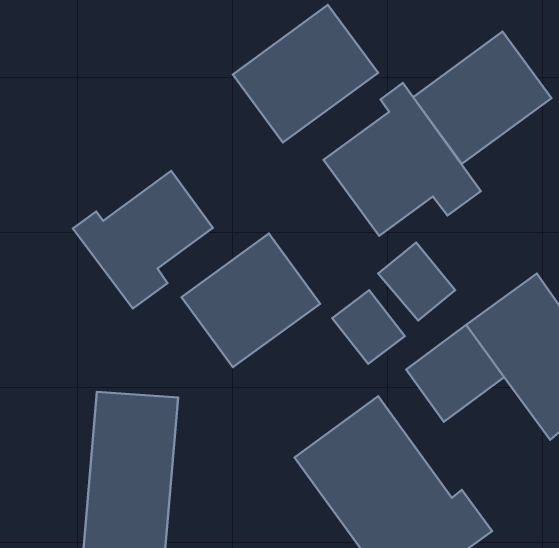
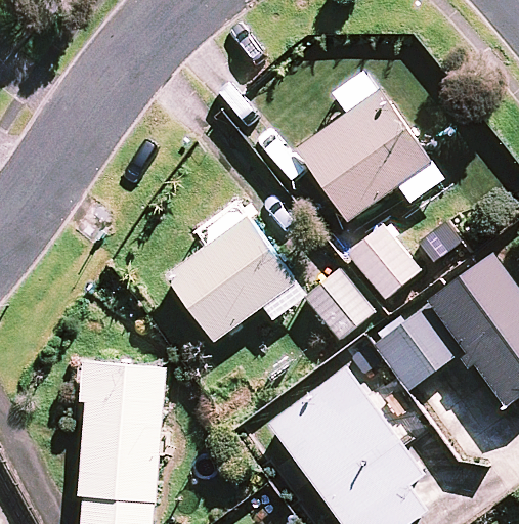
building: [233,5,378,143] -> none
building: [413,32,552,164] -> none
building: [73,171,213,309] -> none

